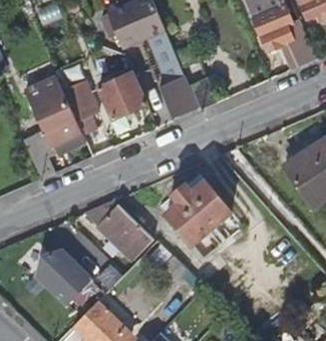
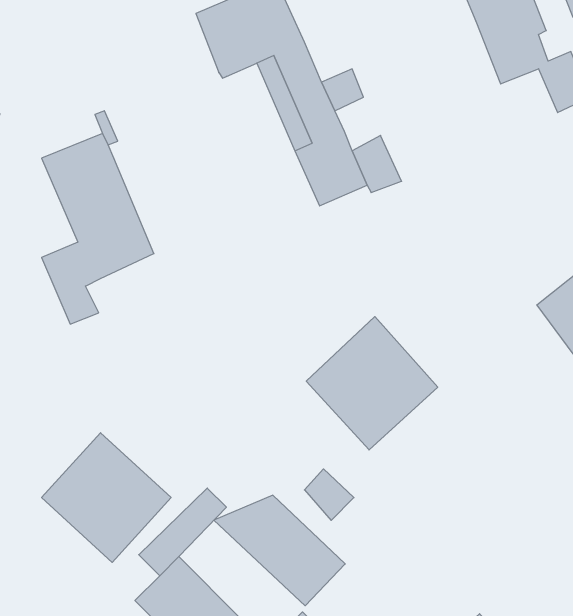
building: [99,73,147,121] -> none
building: [63,83,98,142] -> none
building: [85,202,154,260] -> [214,495,345,606]

